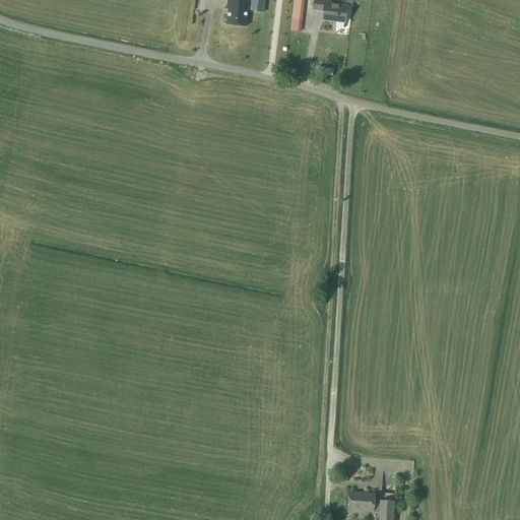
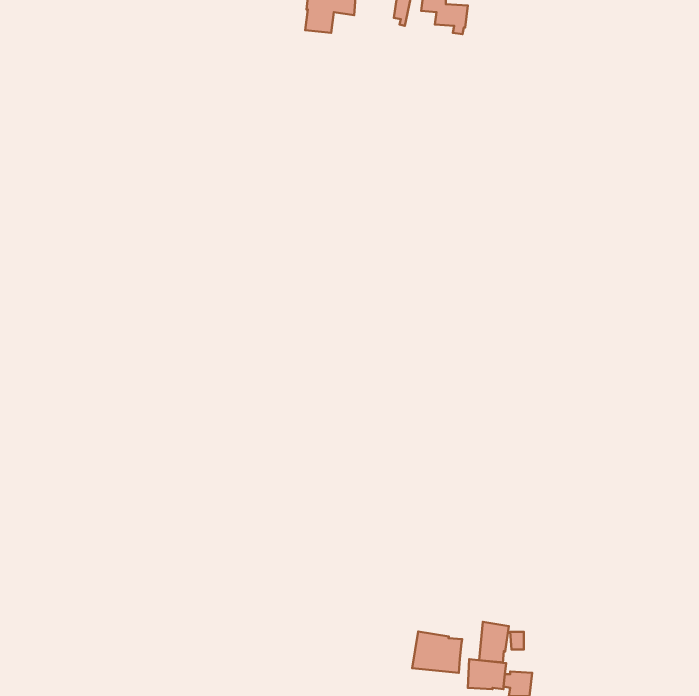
building: none -> [479,622,509,663]
building: none -> [412,632,462,673]

